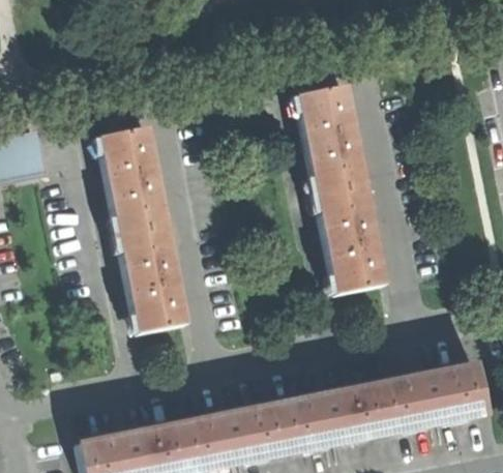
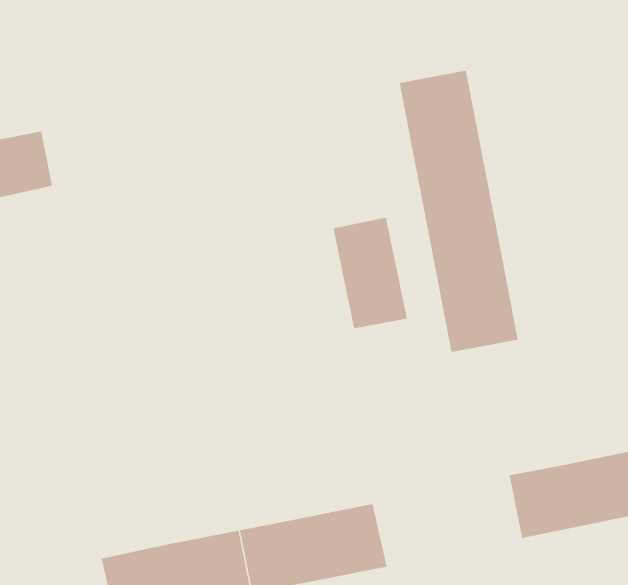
building: [100,125,187,330] -> none
building: none -> [333,217,408,329]
building: [279,381,388,448] -> none

